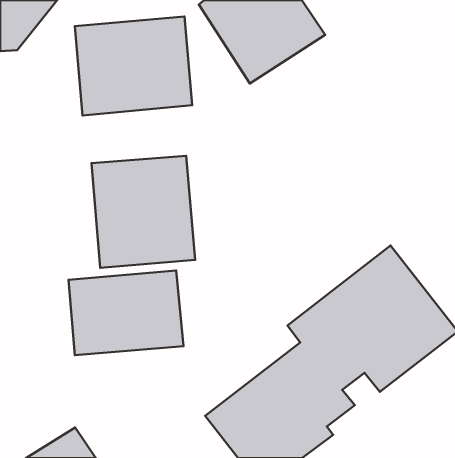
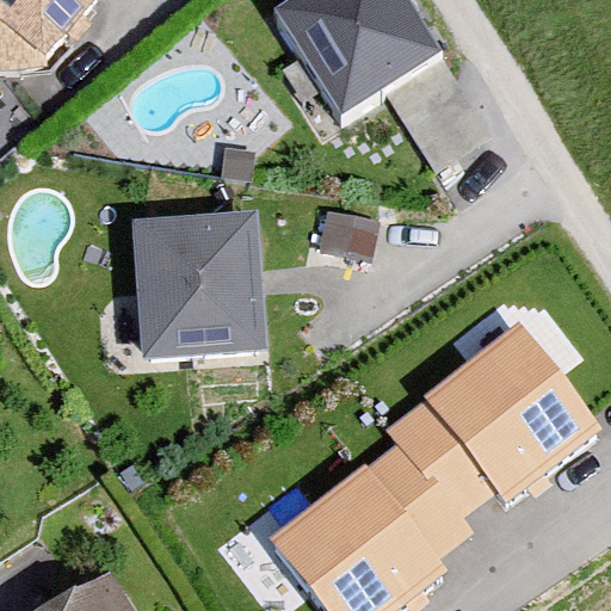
building: [75,17,192,115] -> none
building: [68,271,184,355] -> none

